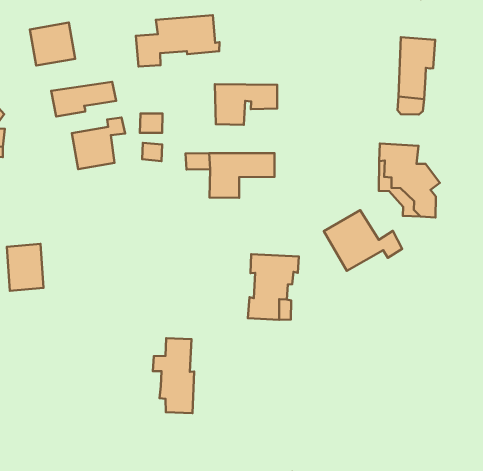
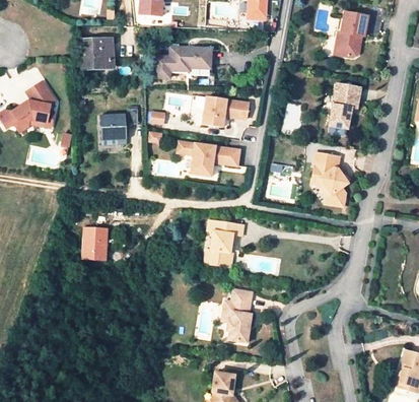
building: [51,82,116,117] -> none
building: [324,210,402,271] -> none
building: [7,244,43,291] -> [82,227,108,259]
building: [153,338,194,413] -> [223,287,253,341]

